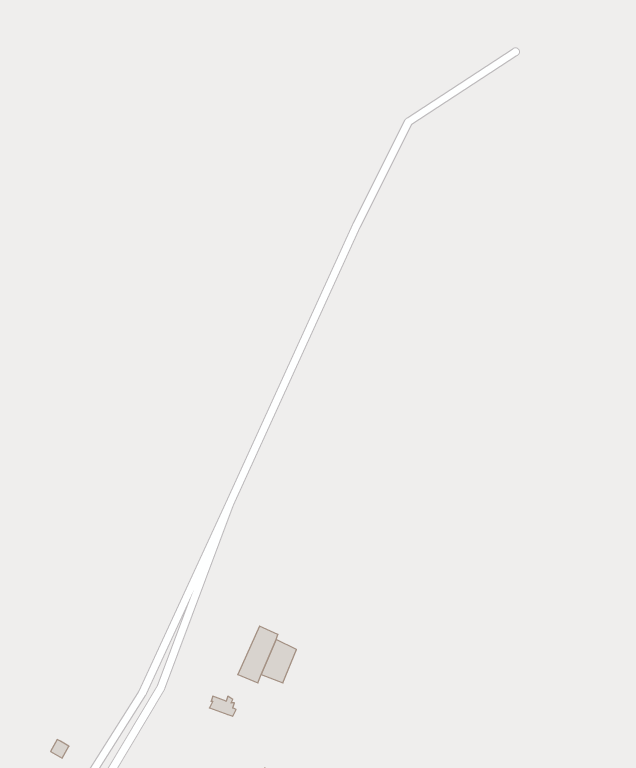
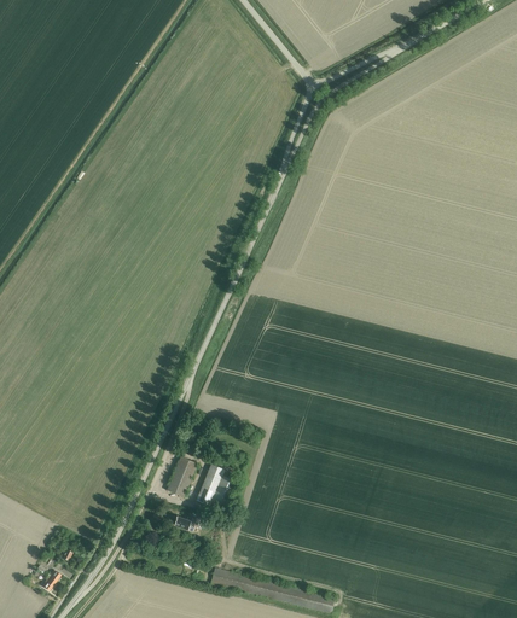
building: none -> [165,455,197,495]

